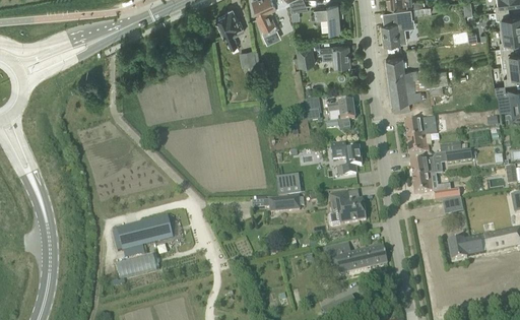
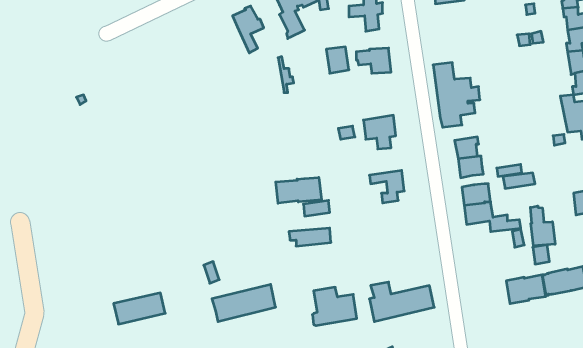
building: [381,9,412,45] -> none
building: none -> [276,177,322,203]
building: none -> [530,206,555,246]
building: [328,193,366,226] -> [312,287,357,326]
building: [118,218,172,250] -> [212,284,276,322]

